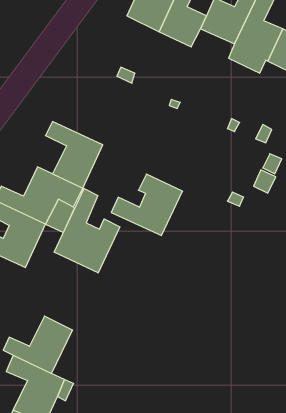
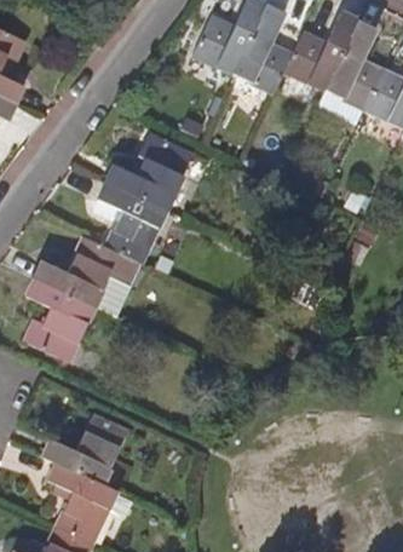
building: [111,174,183,236] -> [104,134,190,208]
building: [54,188,120,273] -> none

